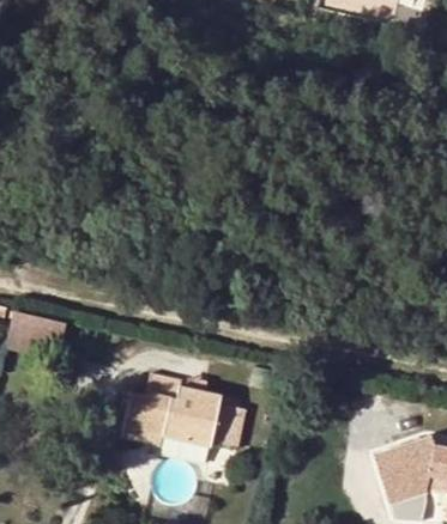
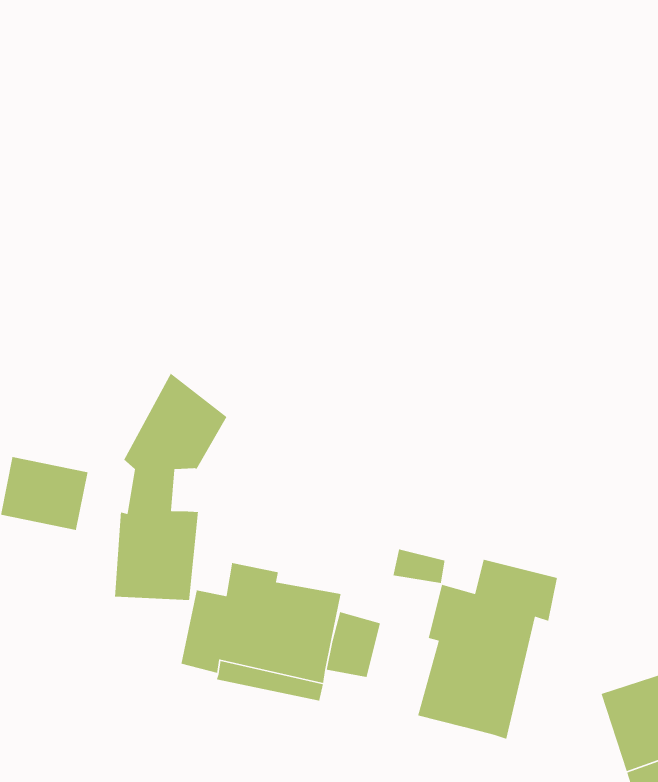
building: none -> [114,373,228,601]
building: none -> [417,559,558,740]

